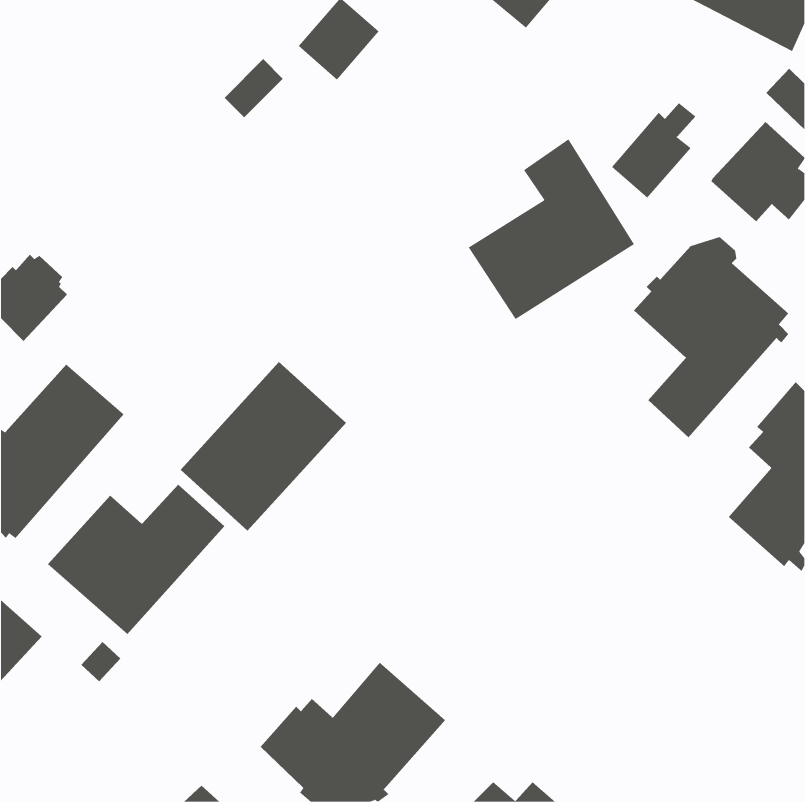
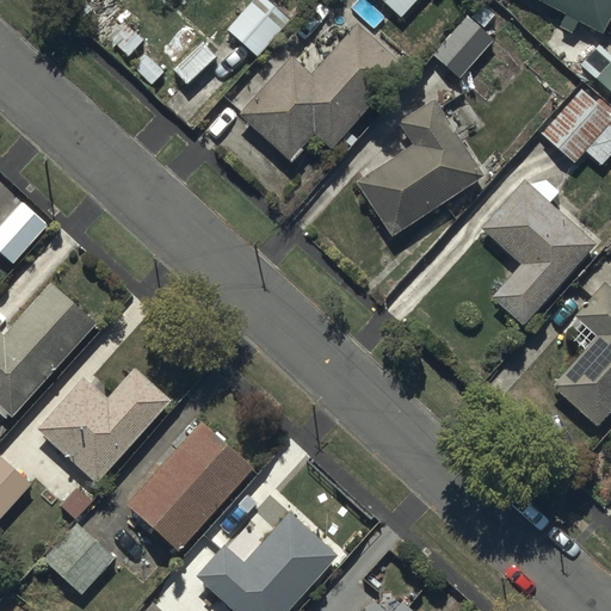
building: none -> [236,29,405,168]
building: [611,102,696,198] -> [431,11,495,84]
building: [180,361,347,531] -> [128,411,254,539]
building: none -> [43,520,113,591]

